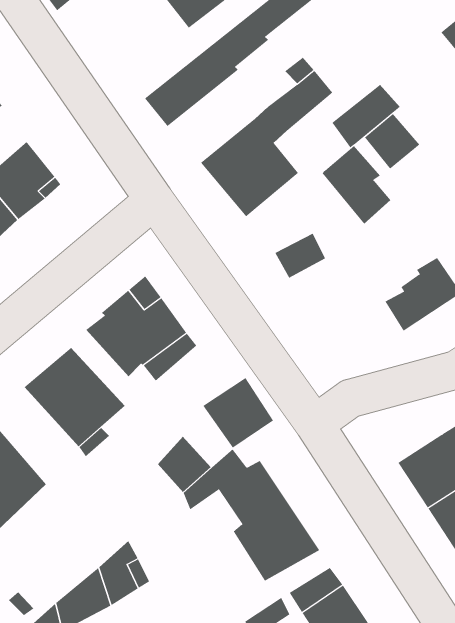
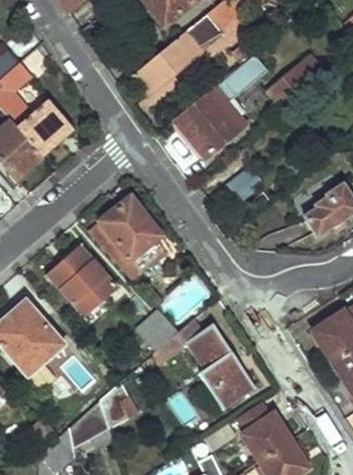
building: [364,113,420,170] -> none
building: [322,145,391,225] -> none
building: [203,377,274,449] -> none

